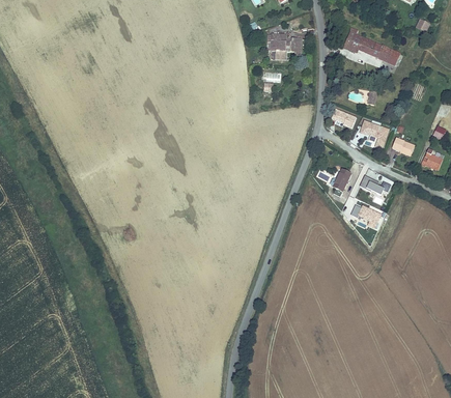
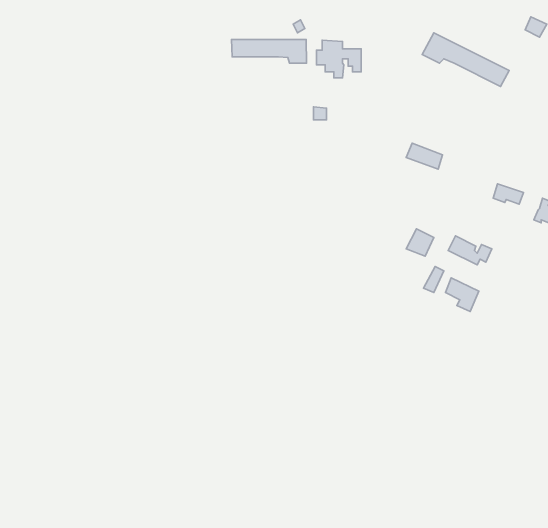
building: none -> [232,39,307,63]
building: [360,119,391,150] -> none

